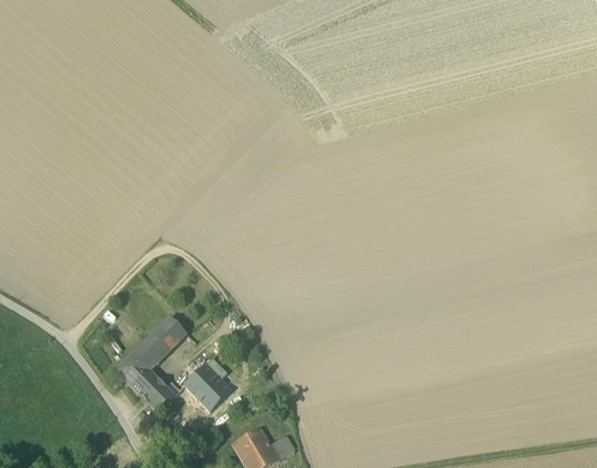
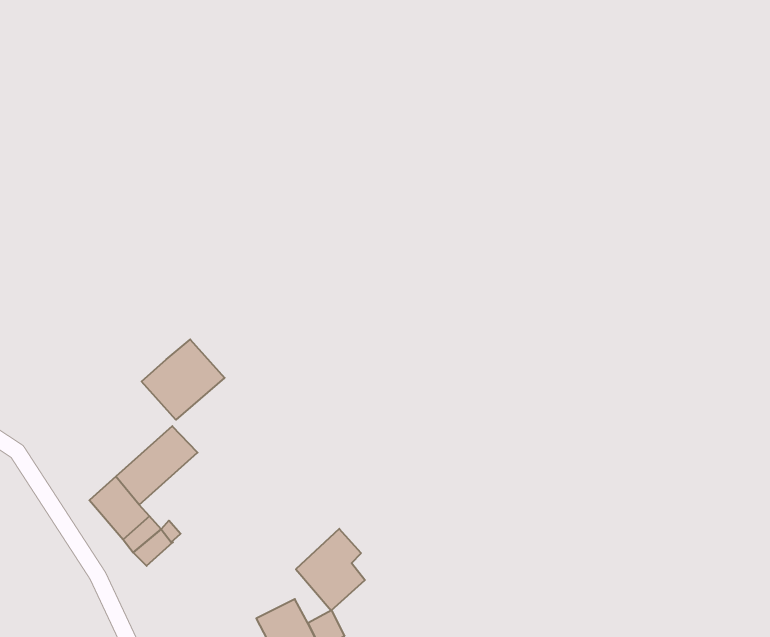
building: none -> [142,339,225,420]
building: [184,355,231,410] -> [296,529,365,610]

